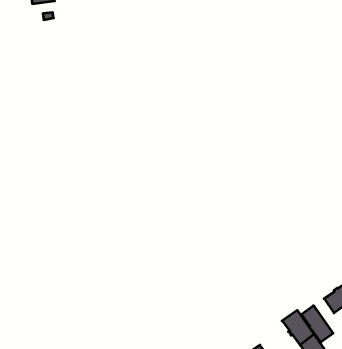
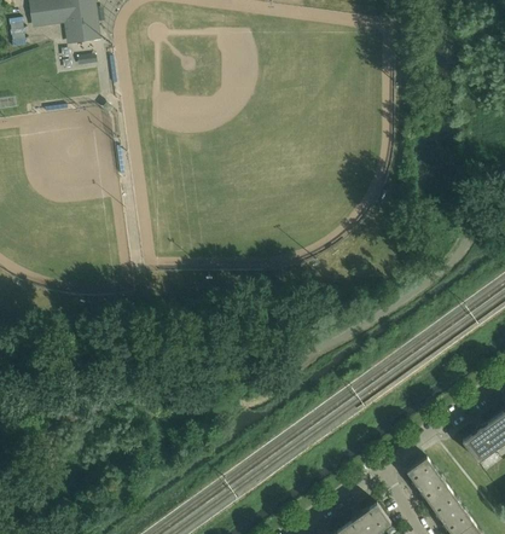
building: [301,306,333,342] -> none

